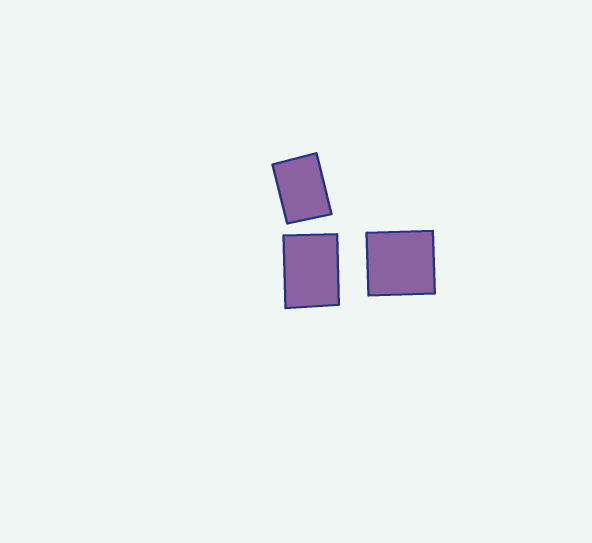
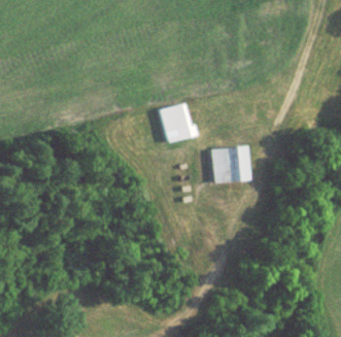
building: [283,234,339,308] -> none

